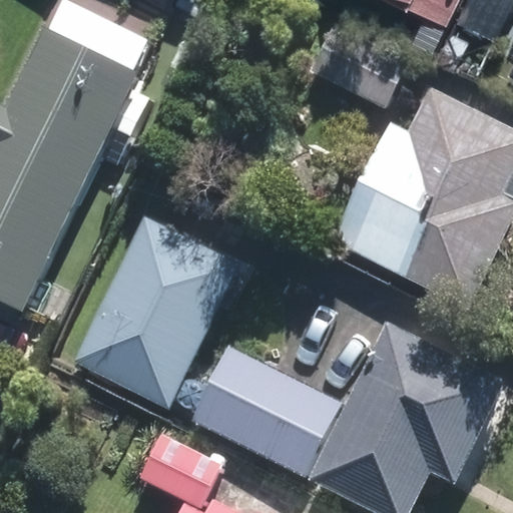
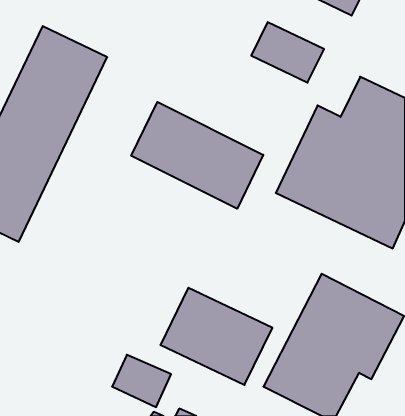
building: none -> [131,102,263,209]
building: [78,224,234,403] -> none

